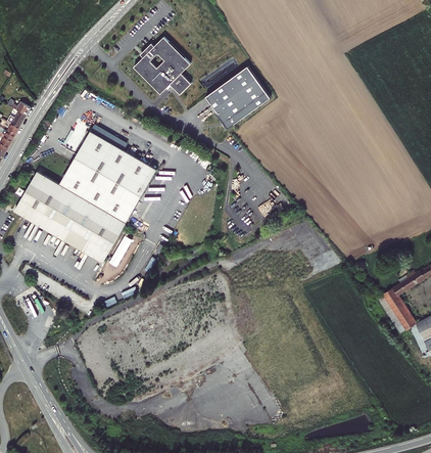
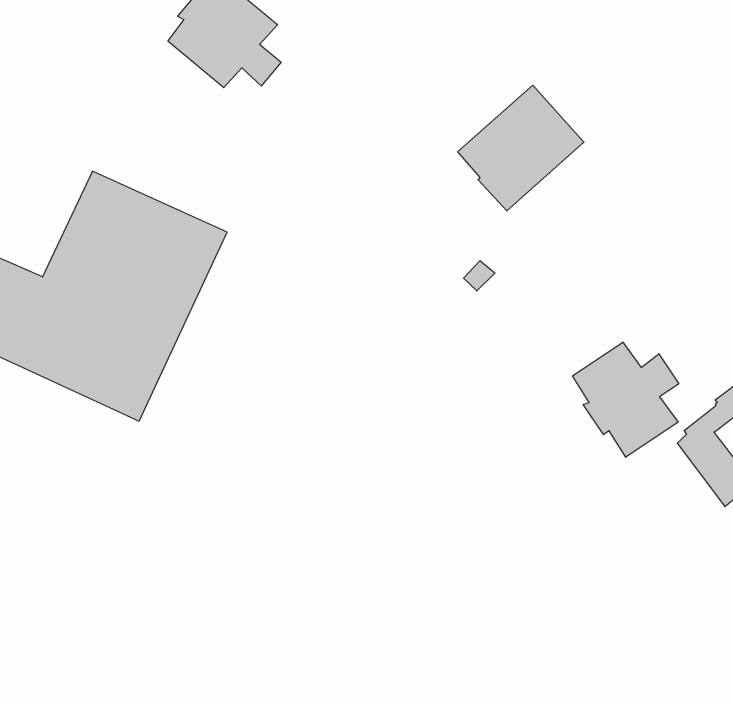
building: [205,65,271,129] -> [458,85,584,211]
building: none -> [573,342,679,457]

